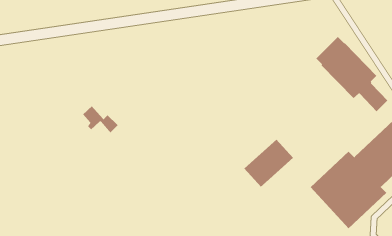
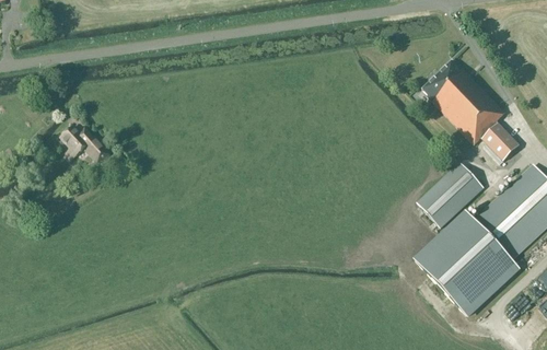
building: [82,105,118,133] -> [60,126,108,163]
building: [243,139,294,187] -> [417,163,484,228]

